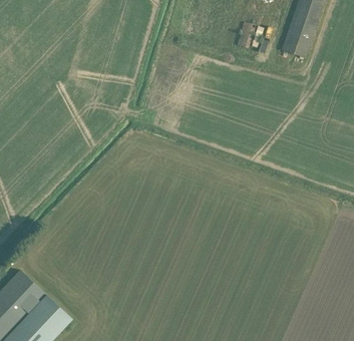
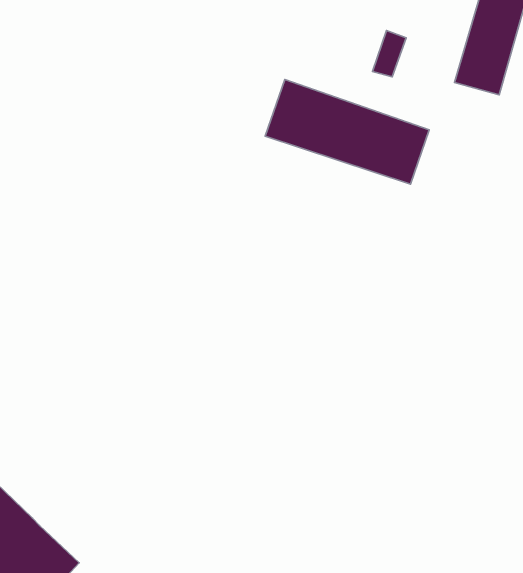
building: none -> [265,80,429,184]

